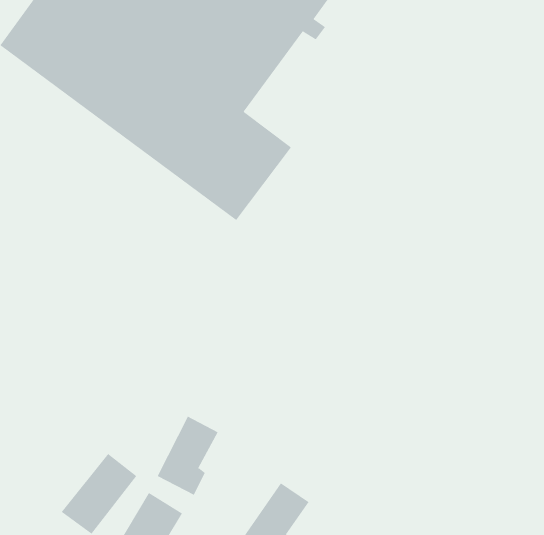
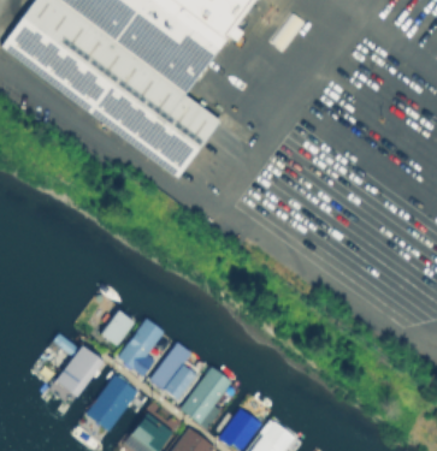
building: none -> [101,310,135,346]
building: none -> [150,342,200,400]

